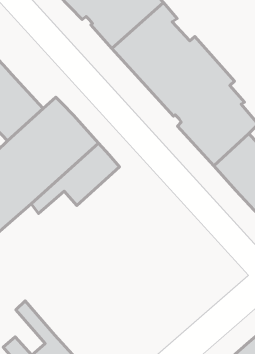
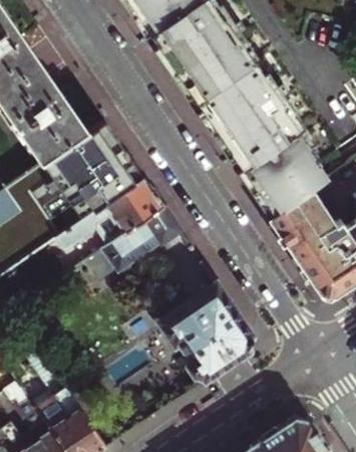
building: none -> [87,210,181,283]
building: none -> [161,286,252,383]

